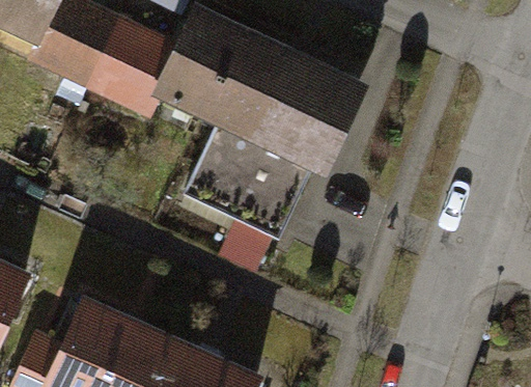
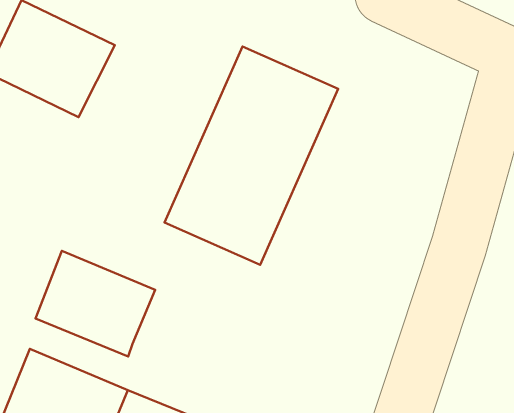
building: [149,5,261,121] -> none
building: none -> [35,251,155,356]

